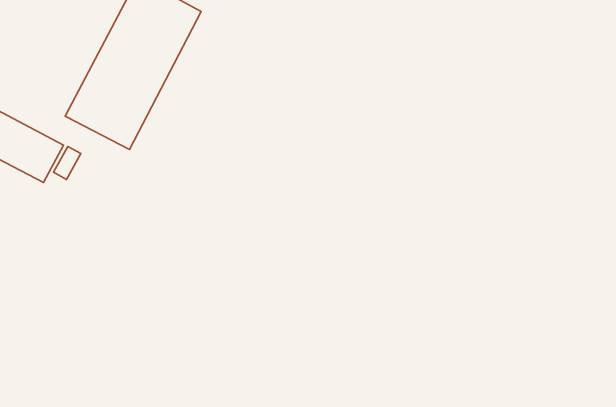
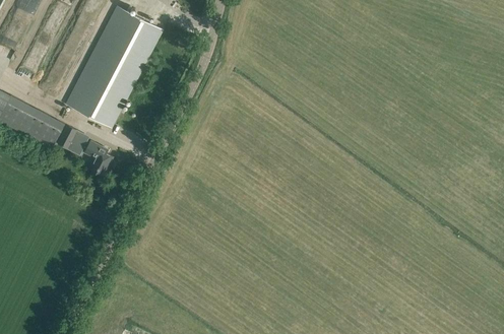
building: none -> [84,140,113,175]

